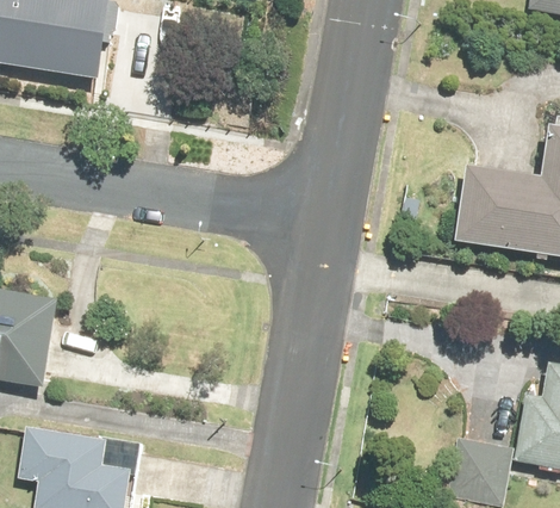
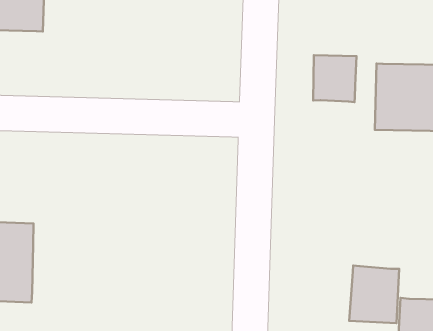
building: none -> [313,55,356,102]
building: none -> [349,266,399,323]

